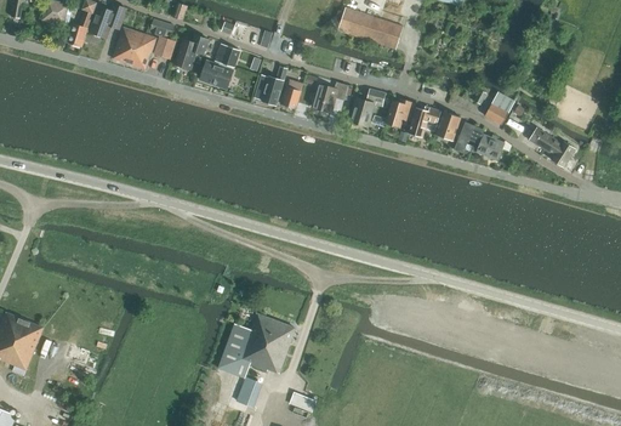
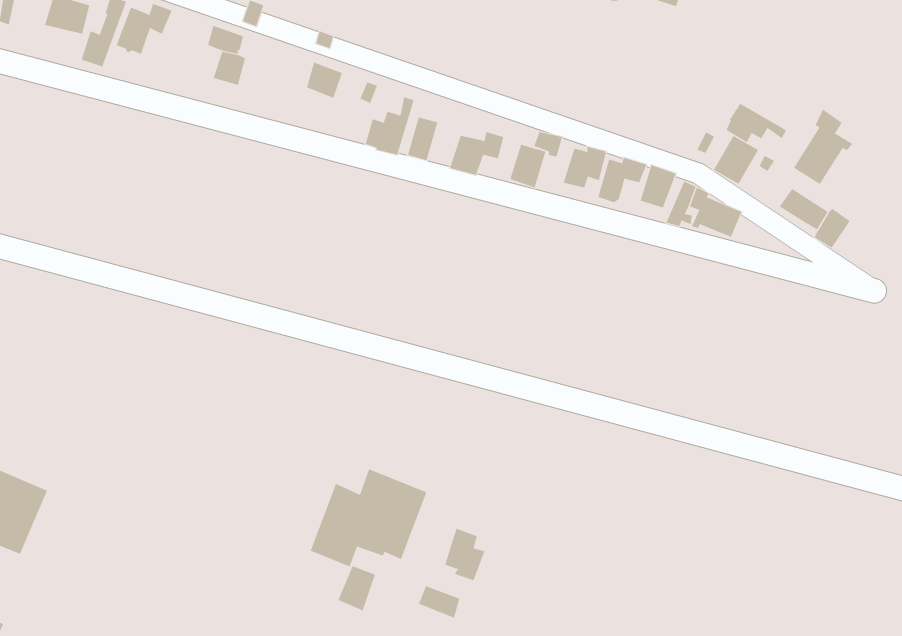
building: [337,7,403,49] -> none
building: [112,27,155,68] -> none
building: [173,34,207,69] -> none
building: [199,59,233,89] -> none
building: none -> [725,103,787,143]
building: none -> [793,109,853,185]
building: none -> [444,528,485,581]

